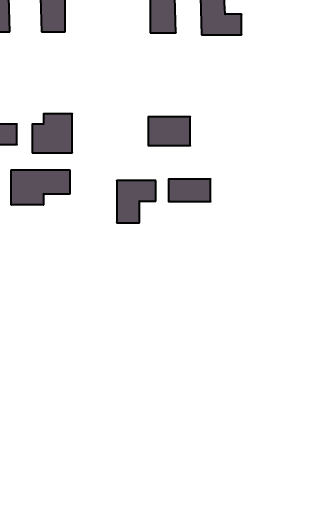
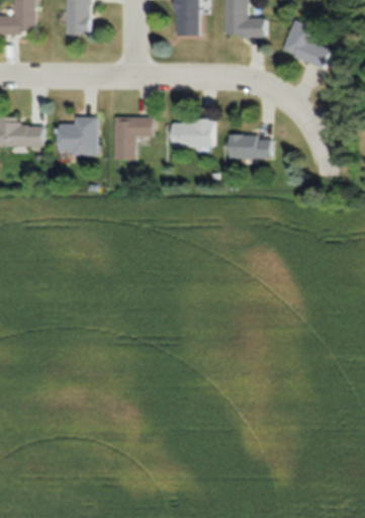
building: none -> [282,20,331,69]
building: [11,170,70,205] -> none
building: [169,179,211,202] -> [230,135,271,157]
building: [117,181,156,223] -> [115,116,154,158]

